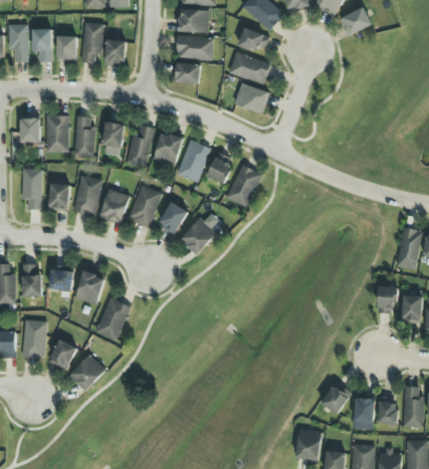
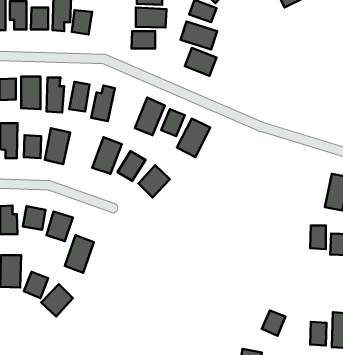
building: [153,132,184,167] -> none
building: [100,190,129,223] -> none
building: [354,396,375,429] -> none

